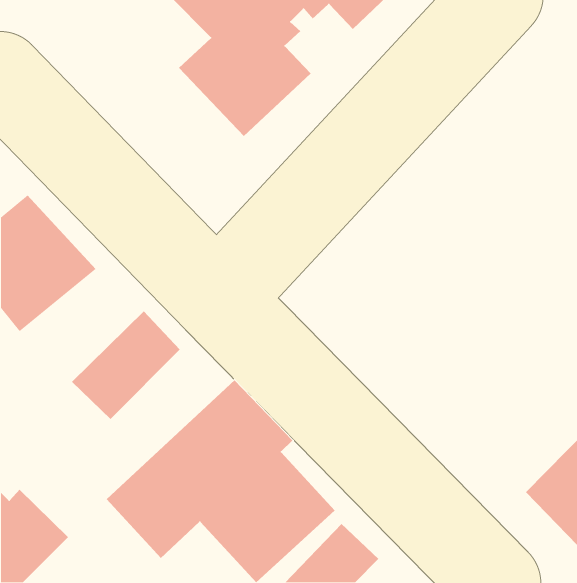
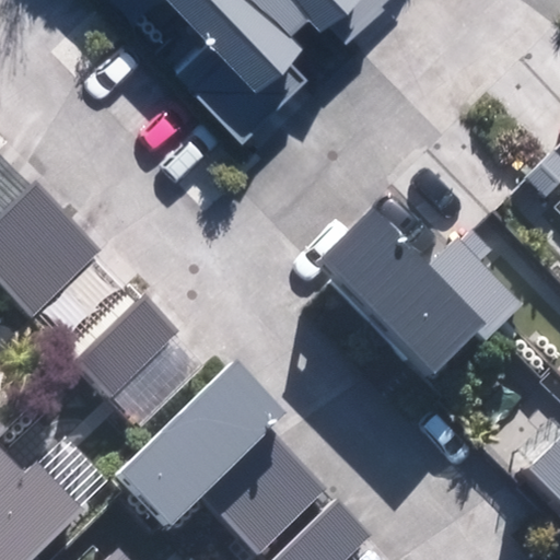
building: none -> [312,209,520,373]

